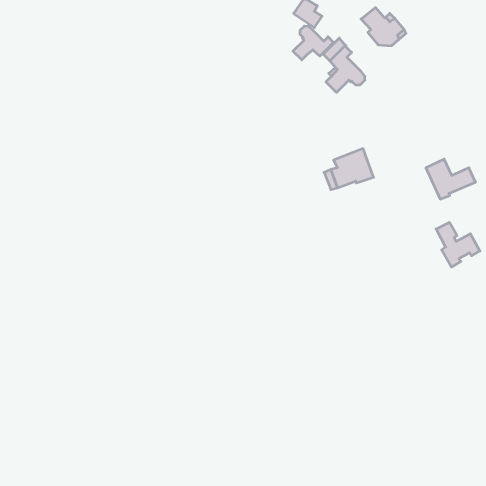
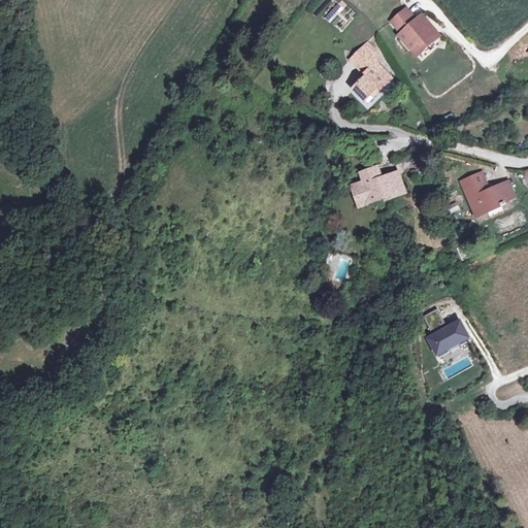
building: [293,26,334,60] -> none
building: [436,222,480,267] -> [422,308,469,357]

